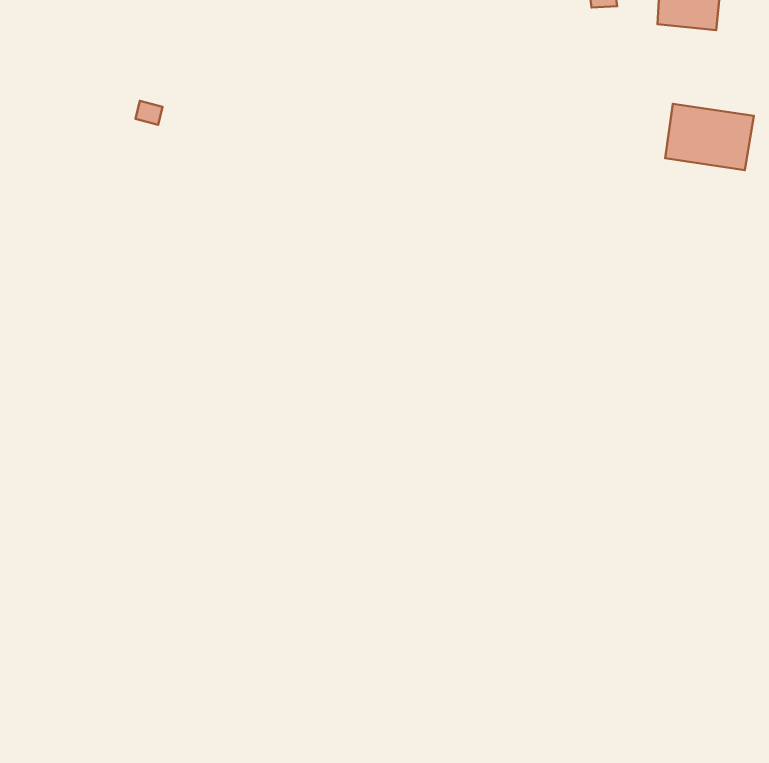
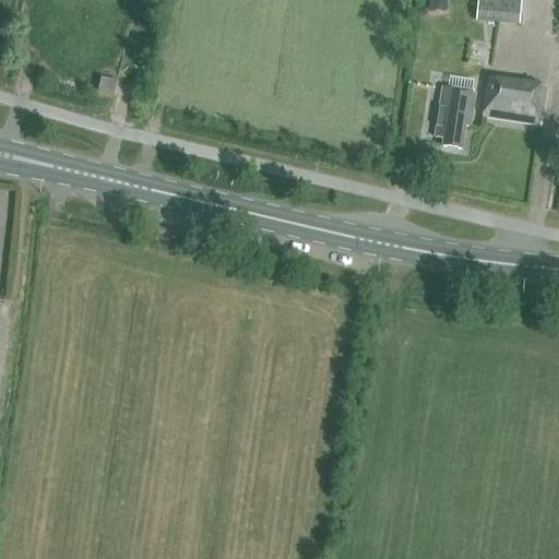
building: none -> [435,85,475,146]

